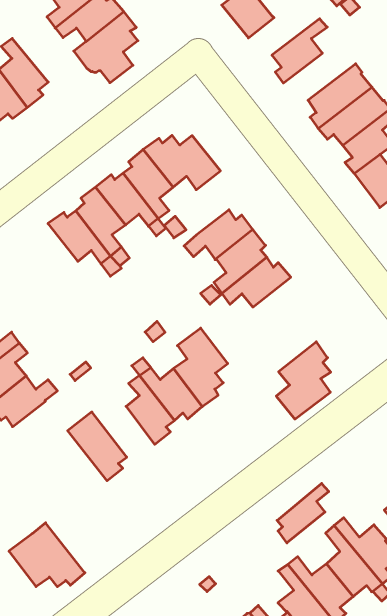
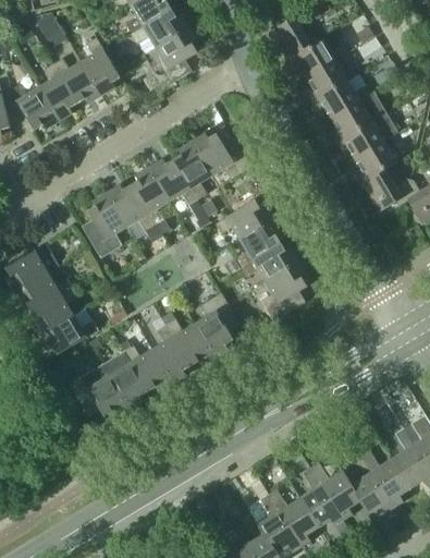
building: none -> [288,39,348,77]
building: none -> [312,81,373,118]
building: none -> [82,193,127,258]
building: [276,342,331,419] -> [261,260,308,322]
building: none -> [124,345,172,391]
building: [277,483,329,543] -> none
building: [9,523,85,587] -> [70,364,130,417]

